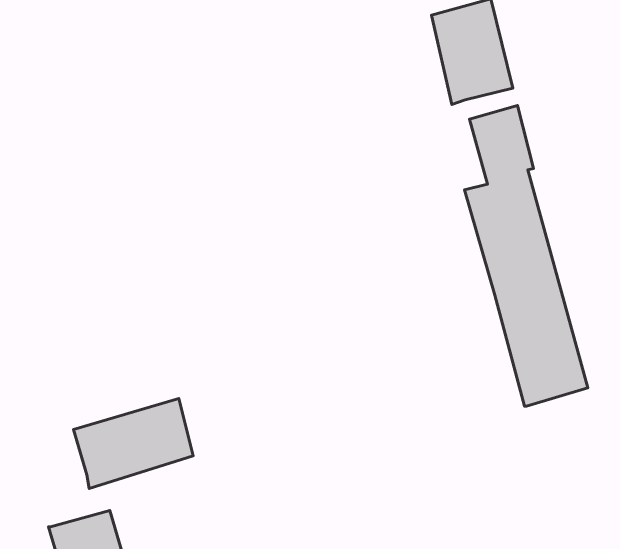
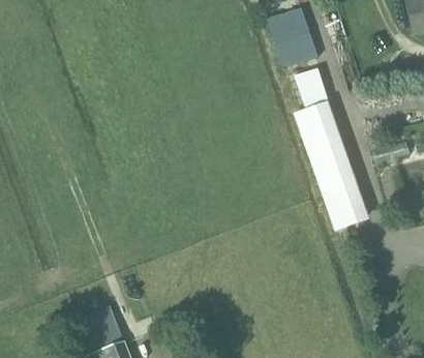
building: [74,399,193,488] -> none

